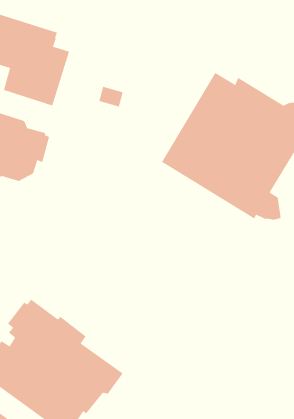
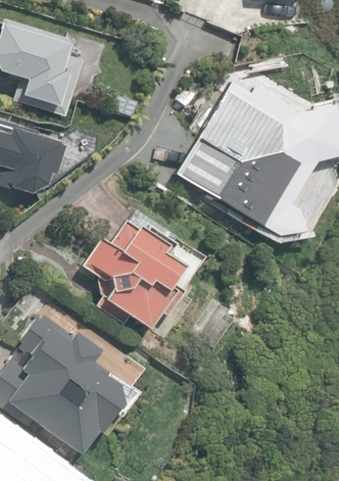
building: none -> [81,208,206,329]

